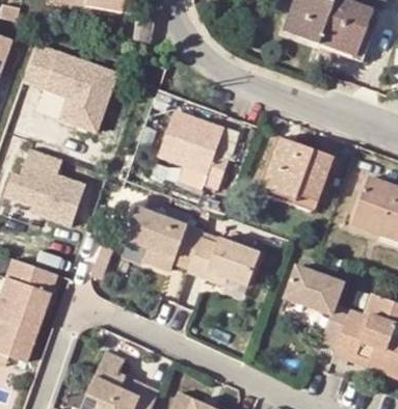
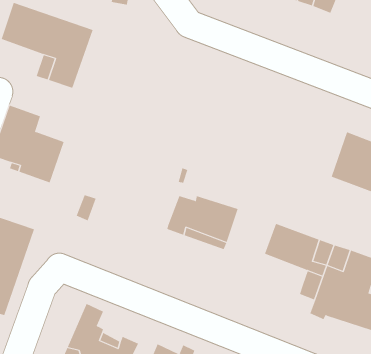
building: [161,109,230,188] -> none
building: [263,136,335,201] -> none
building: [128,211,204,272] -> none

